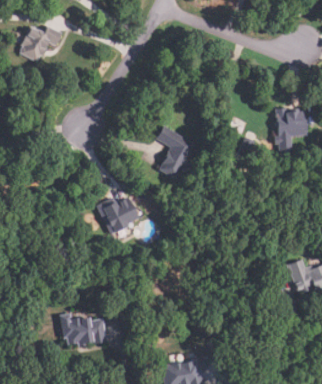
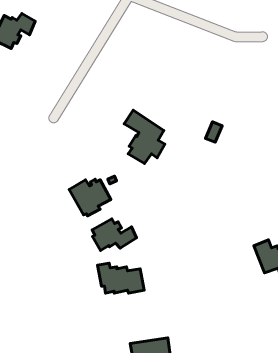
building: [275,107,308,153] -> none
building: none -> [92,219,137,250]
building: [58,314,106,345] -> [98,263,144,293]

